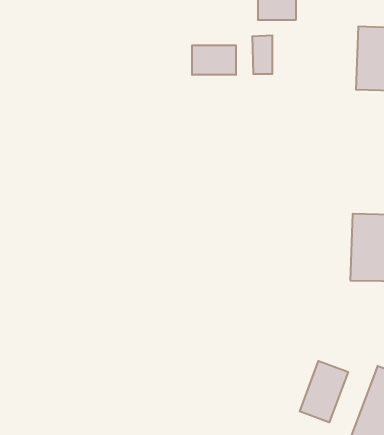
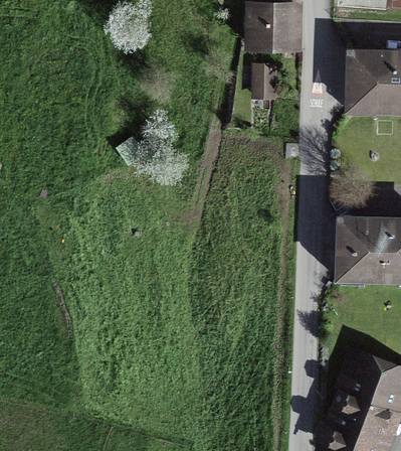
building: [192,45,236,75] -> none
building: [300,361,348,422] -> none

